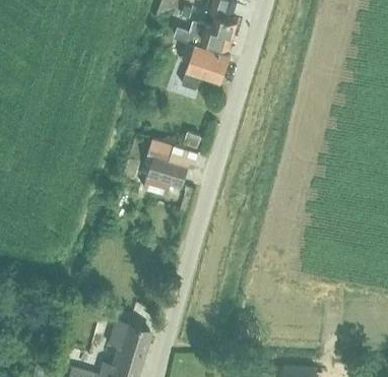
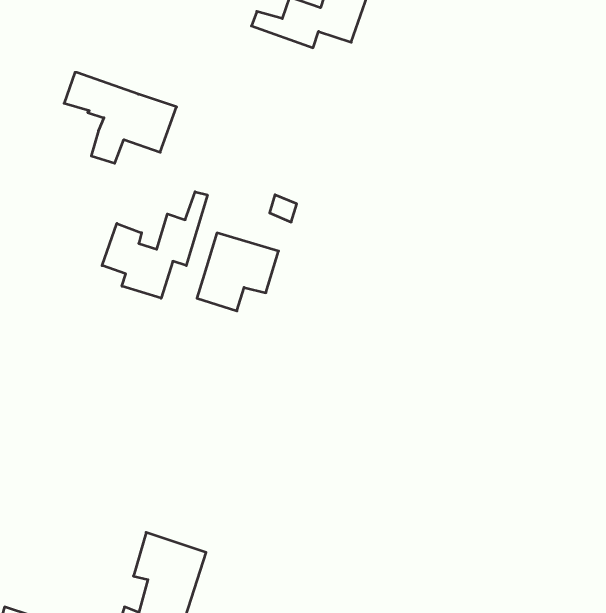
building: [167,36,230,86] -> [64,72,177,163]
building: none -> [102,192,207,298]

